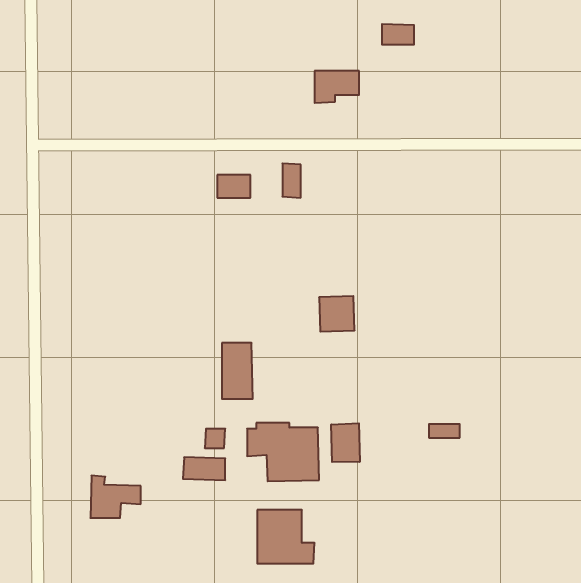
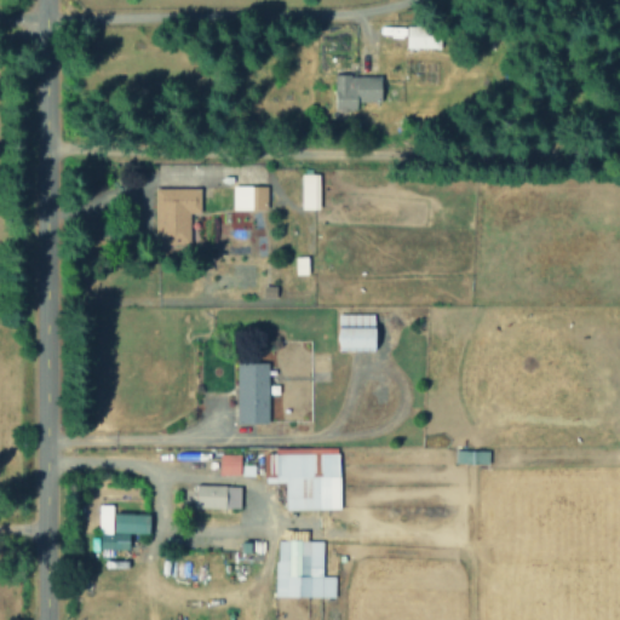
building: none -> [156,189,202,251]
building: [331,423,360,462] -> none

